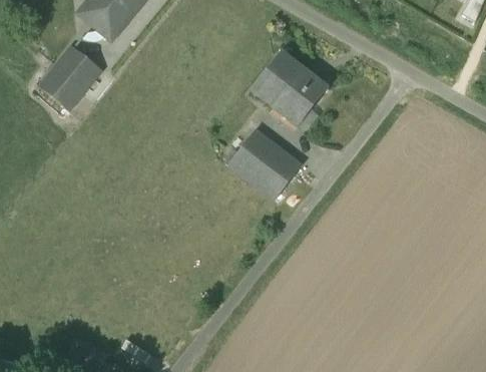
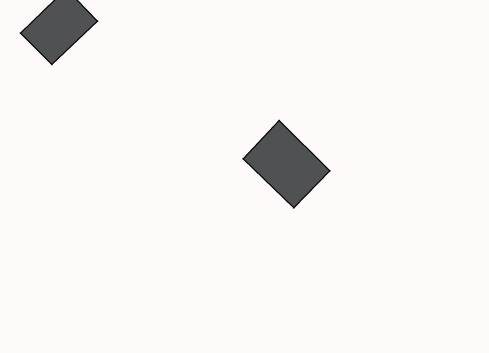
building: [252,54,325,125] -> none

